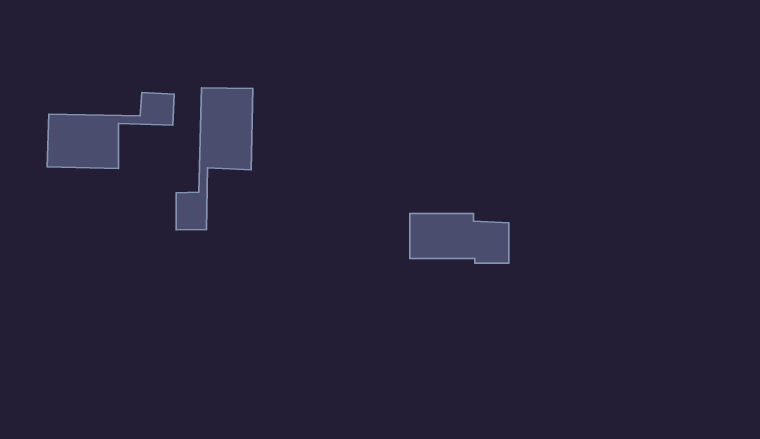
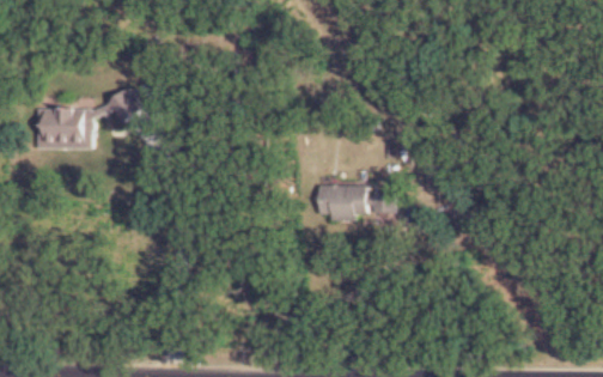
building: [176,88,253,230] -> none

